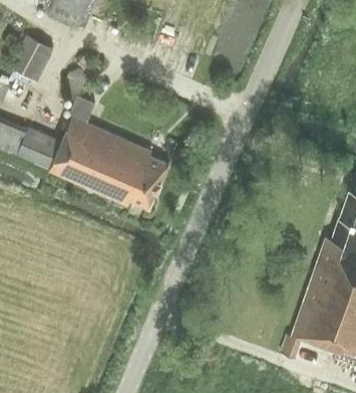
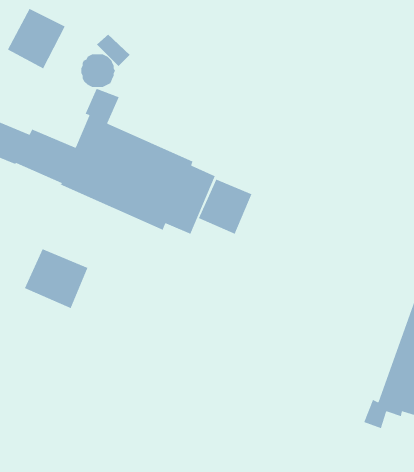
building: none -> [198,179,253,235]
building: none -> [24,248,88,309]

